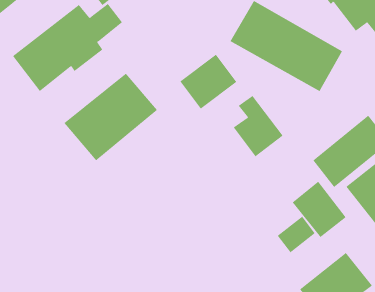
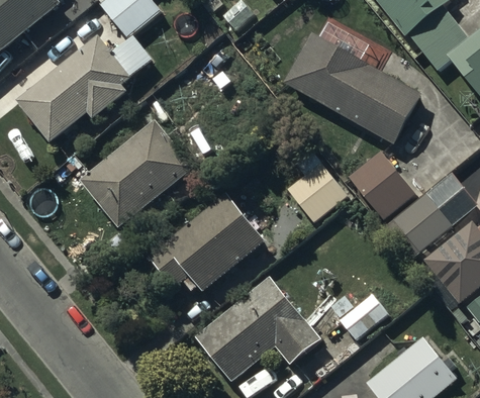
building: [179,54,237,110] -> none
building: none -> [148,191,265,297]
building: [292,181,346,238] -> [349,150,415,219]
building: none -> [195,278,319,382]

